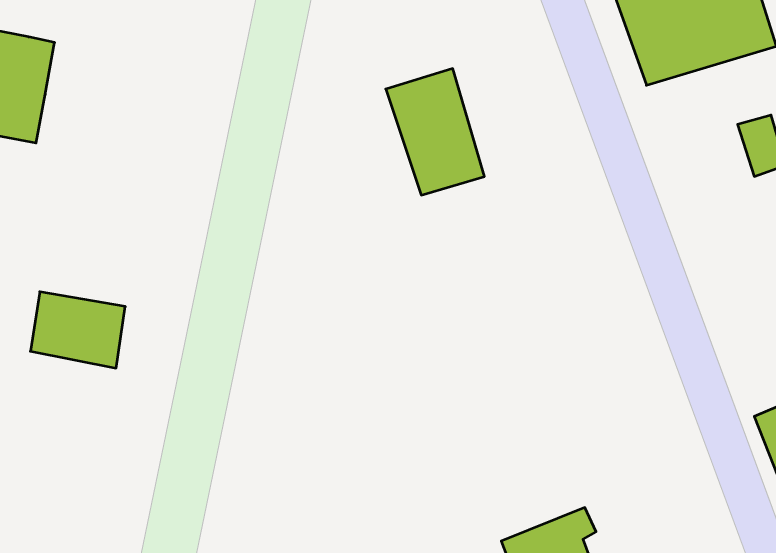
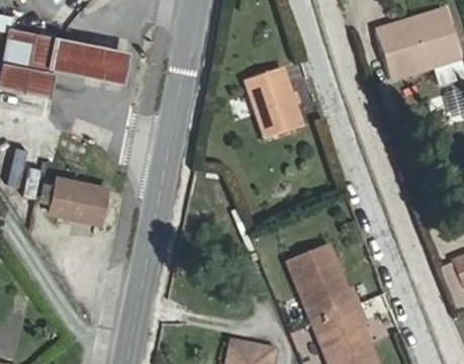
building: none -> [56,40,144,93]
building: none -> [288,245,358,322]

